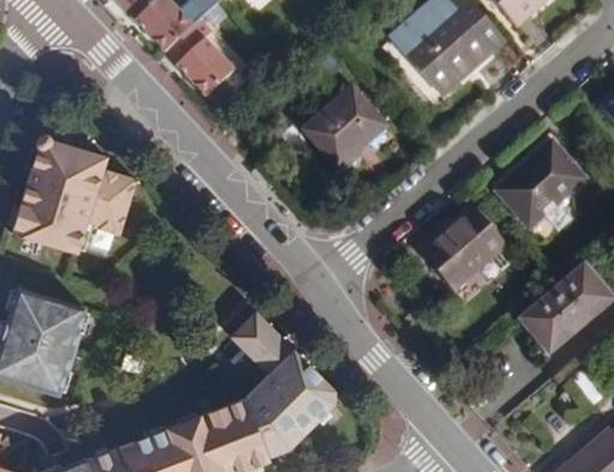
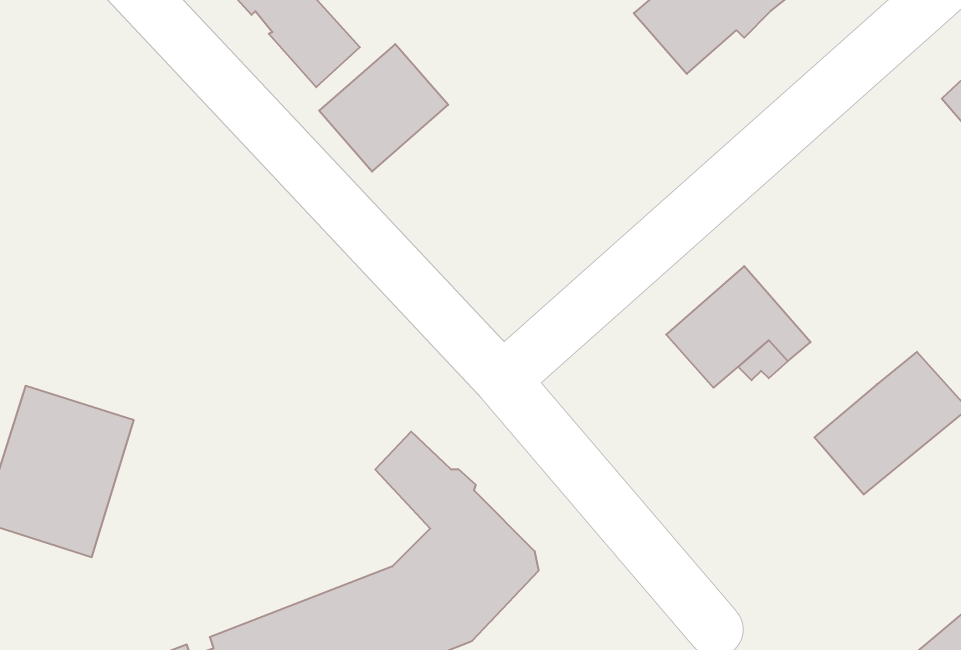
building: [303,86,385,167] -> [319,44,448,172]
building: [14,135,139,252] -> none
building: [495,141,584,228] -> none

